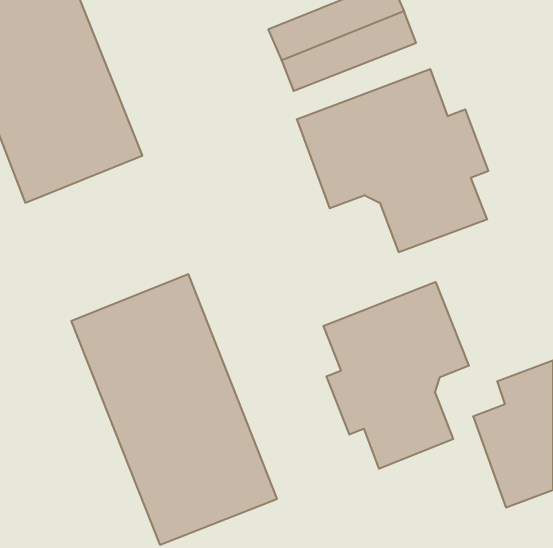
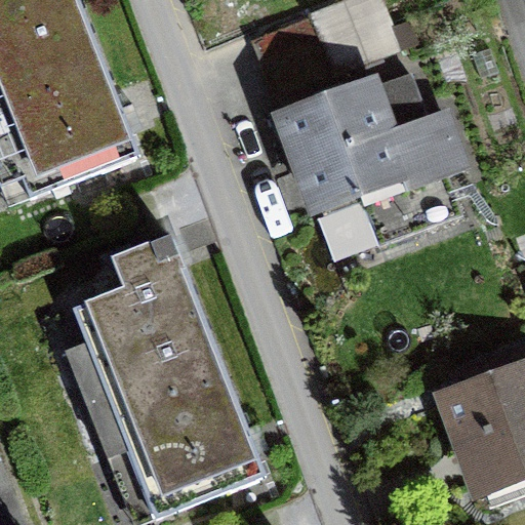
building: [323,282,469,469] -> none

